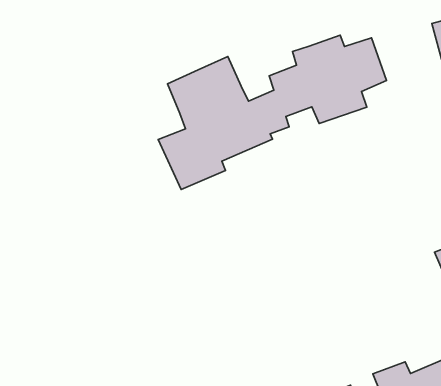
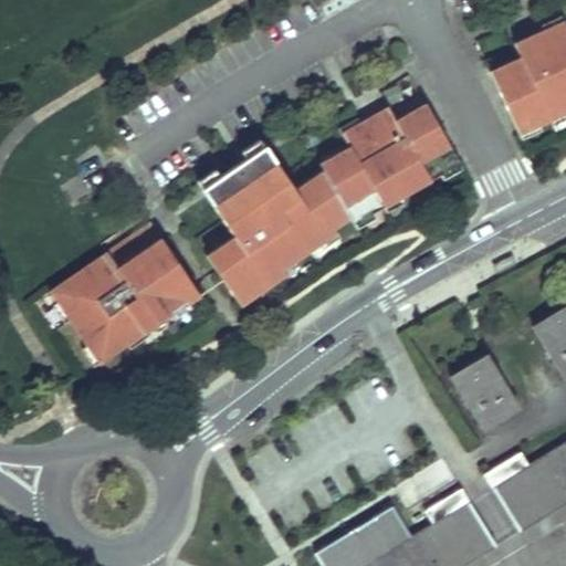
building: none -> [50,238,201,360]
building: none -> [452,359,517,433]

